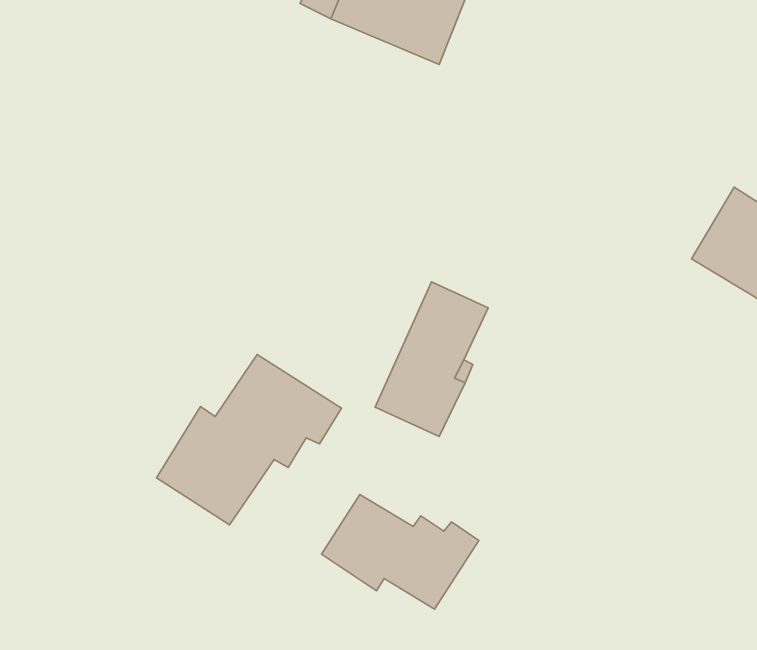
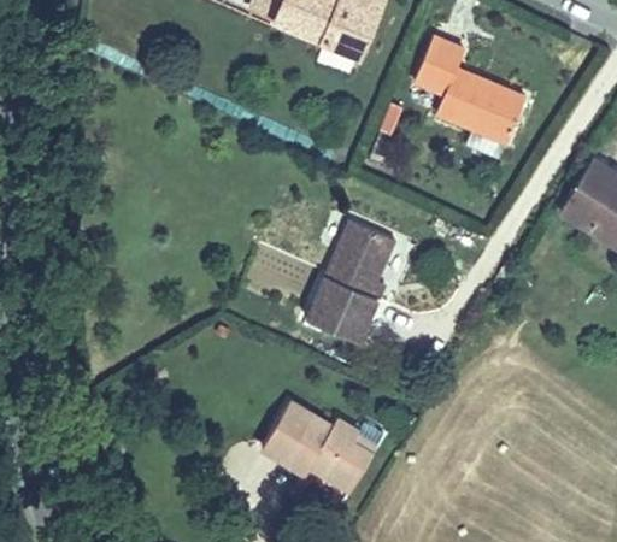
building: none -> [411,36,525,145]
building: [157,354,342,525] -> none

